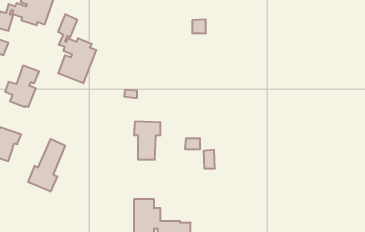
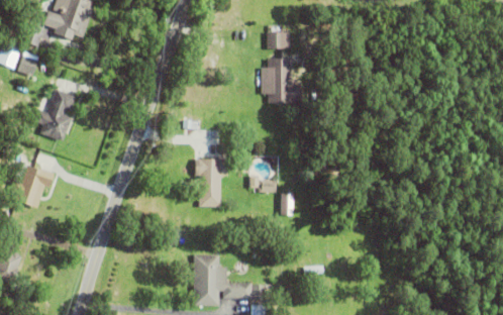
building: [58,14,96,83] -> none
building: none -> [262,57,301,102]
building: [28,139,65,192] -> none

